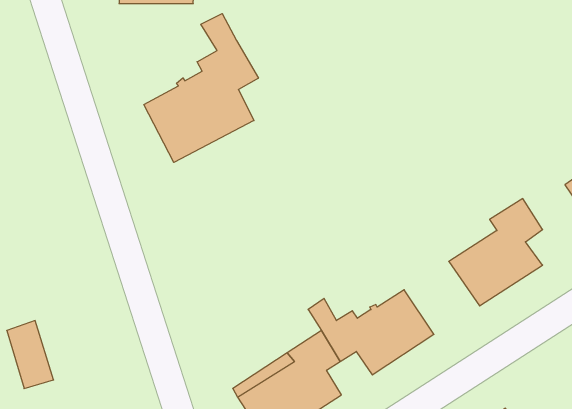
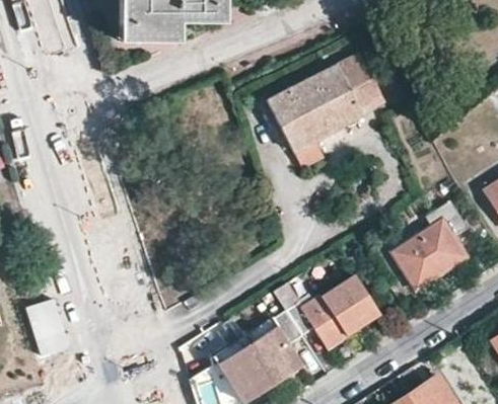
building: [144,14,258,162] -> none
building: none -> [268,51,386,169]

